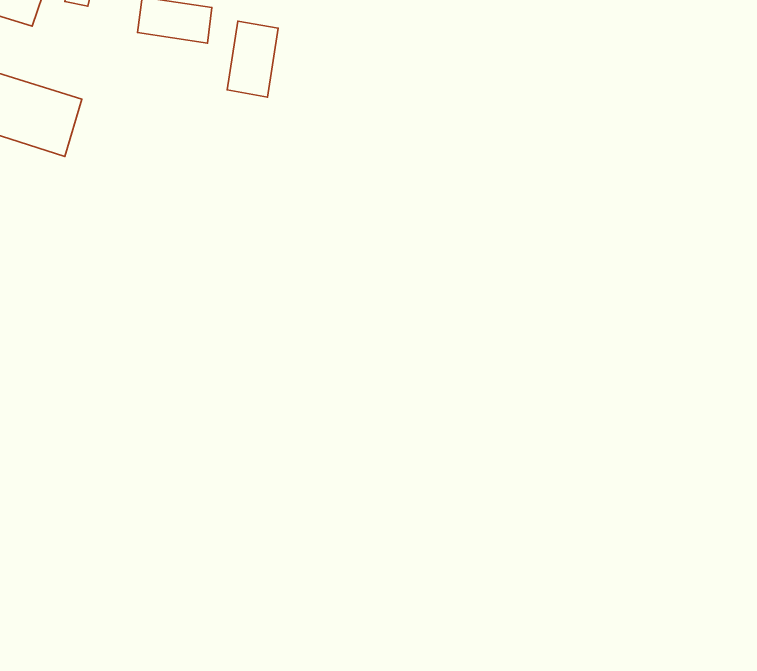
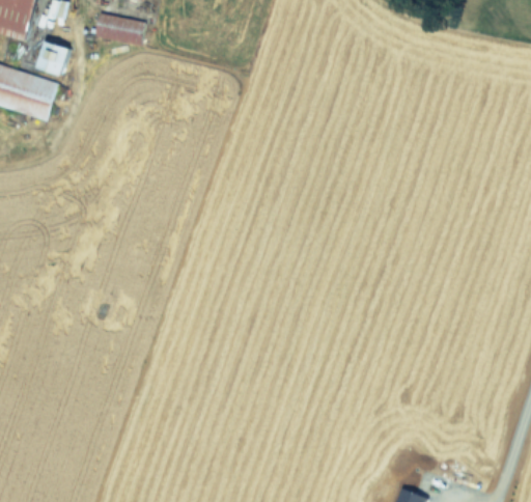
building: [227,21,278,97] -> none
building: none -> [37,41,68,75]

